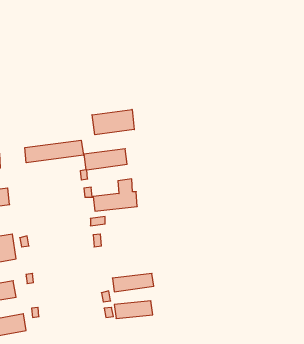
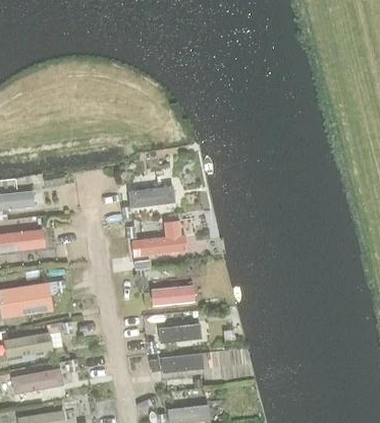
building: [92,109,134,135] -> none
building: [25,140,83,163] -> none
building: none -> [151,285,195,306]

